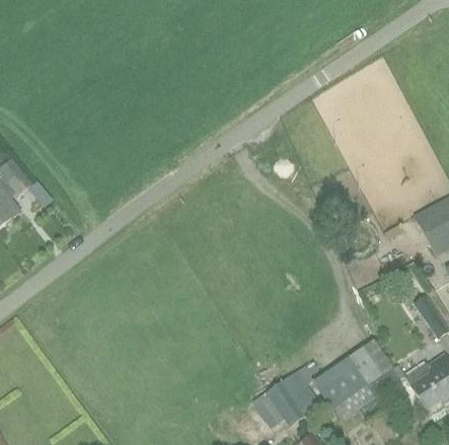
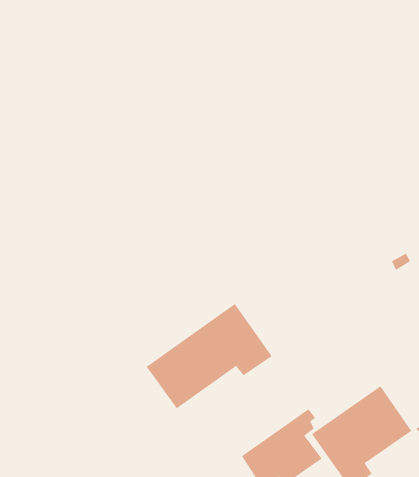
building: none -> [146,303,273,409]

